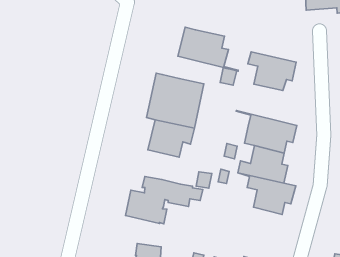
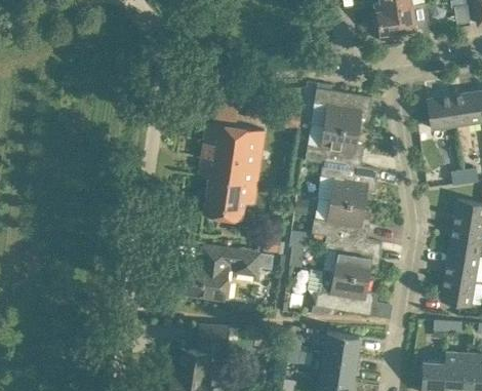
building: [178,27,238,71] -> [305,124,377,171]
building: none -> [310,270,373,315]

